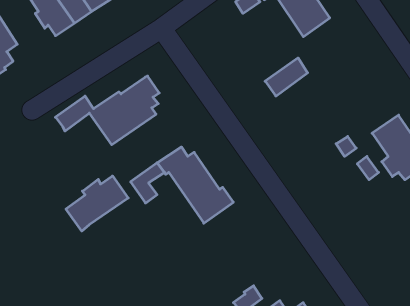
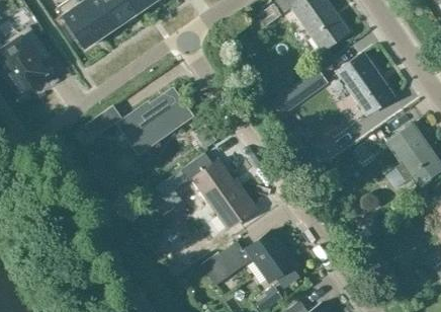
building: none -> [337,53,392,113]
building: [66,176,128,231] -> none
building: none -> [201,230,297,289]

